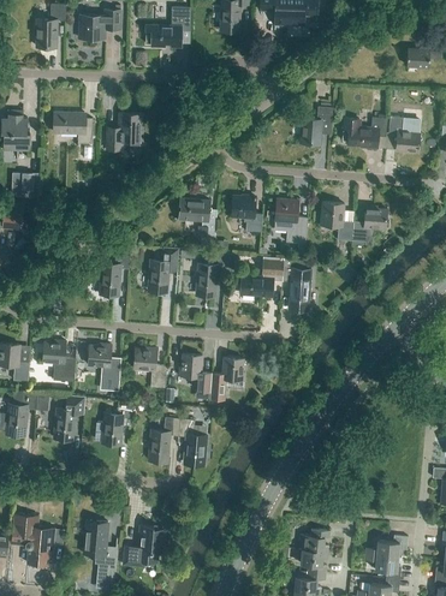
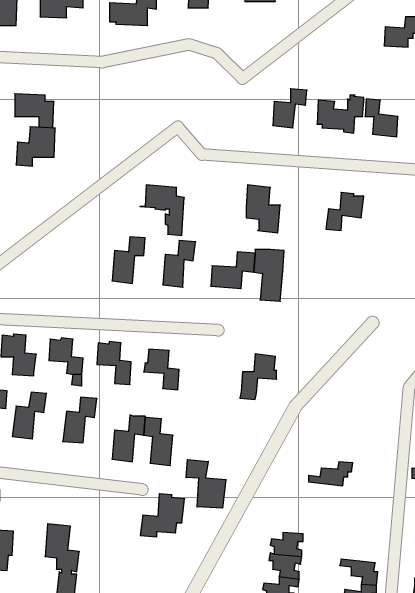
building: [106,113,143,150] -> [16,127,55,166]
building: [231,196,262,232] -> none
building: [321,202,353,240] -> none
building: [100,251,130,294] -> none
building: [209,357,244,400] -> [240,354,277,399]
building: none -> [186,460,226,508]
building: [123,525,165,566] -> [140,494,185,537]
building: [365,535,408,558] -> [309,462,353,486]

